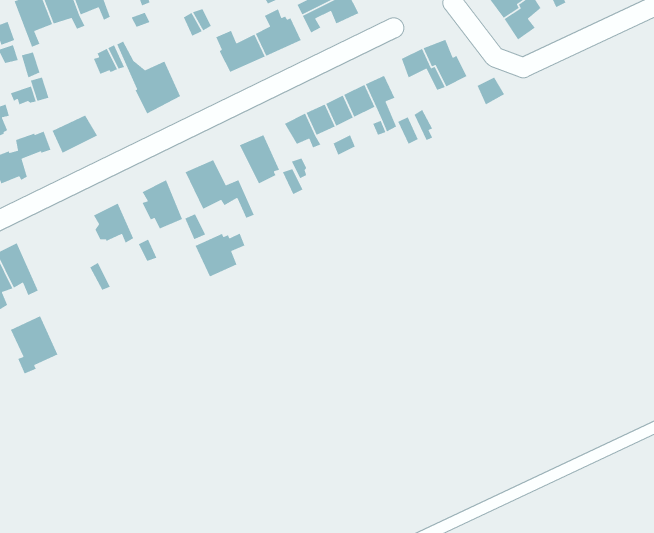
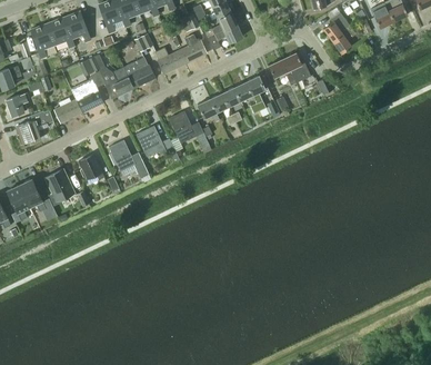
building: none -> [123,56,156,88]
building: none -> [74,78,104,112]
building: [194,232,246,278] -> none
building: [10,315,58,375] -> [44,168,74,205]

